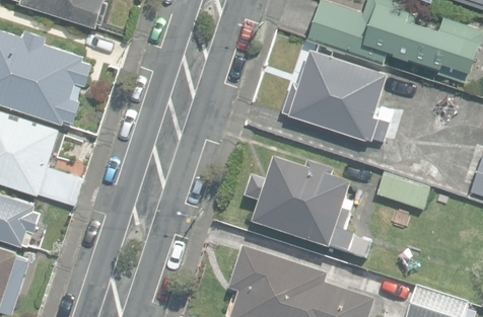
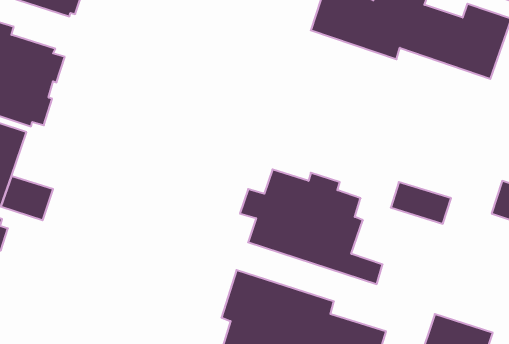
building: [282,47,394,140] -> none

